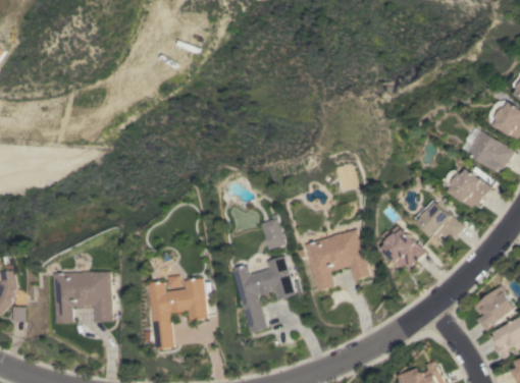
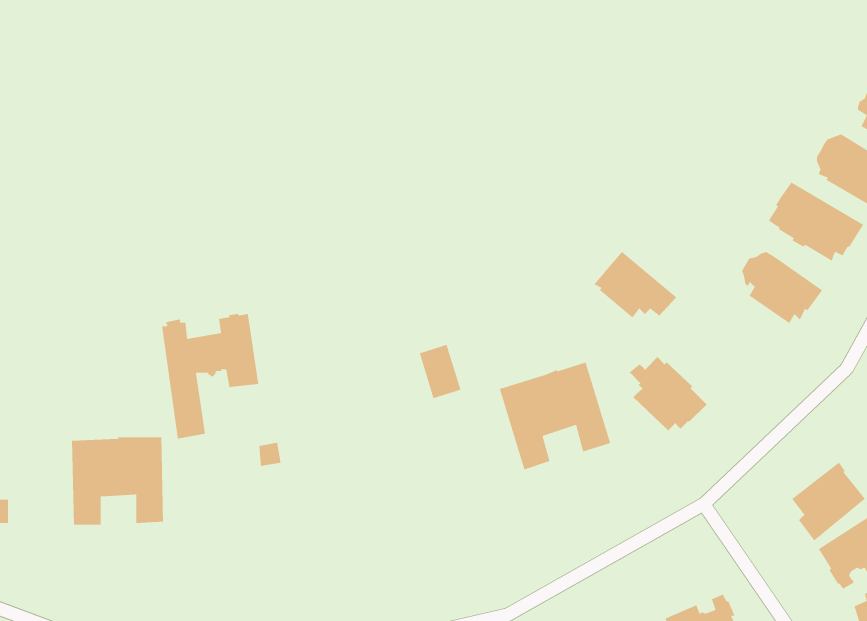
building: [415,200,463,238] -> [593,251,677,318]
building: [233,257,295,333] -> none
building: [150,278,206,350] -> [161,313,259,440]

